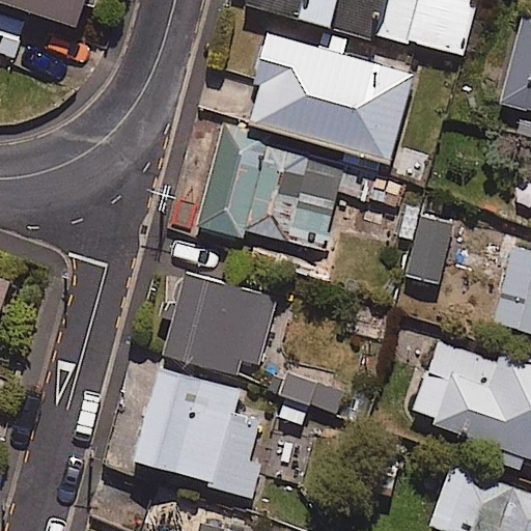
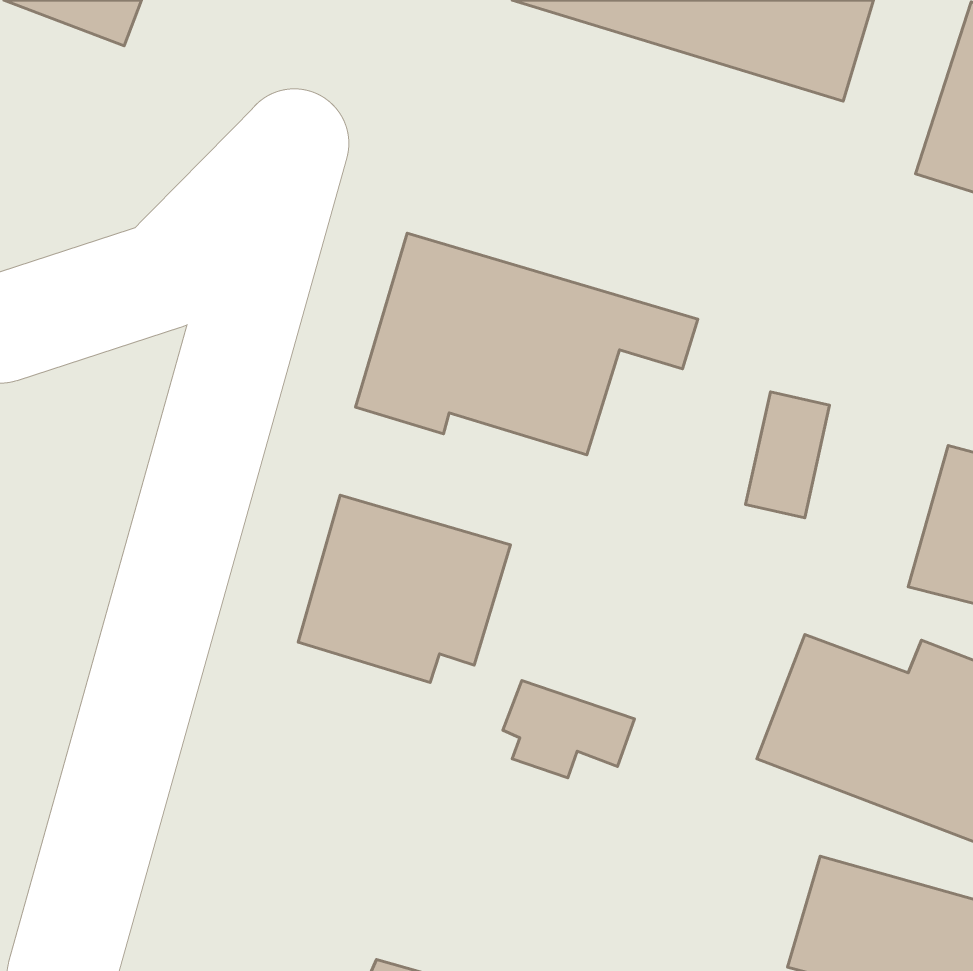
building: [249,31,413,163] -> none
building: [132,364,260,496] -> none

